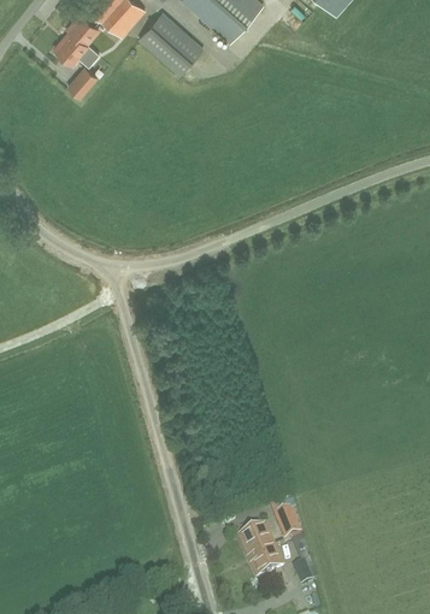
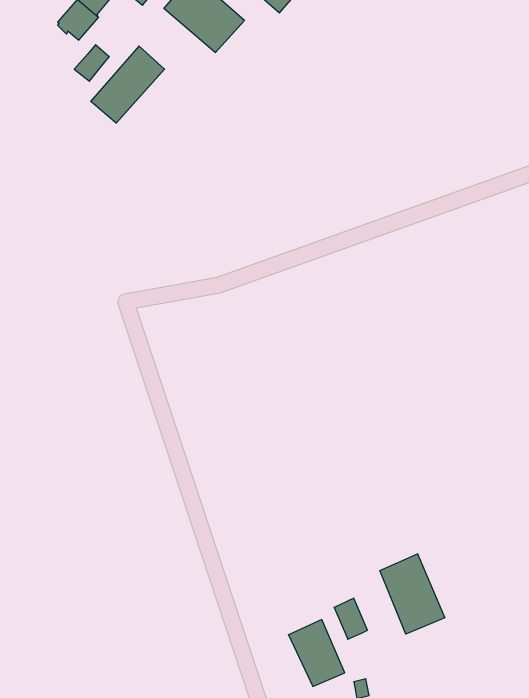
building: none -> [91,46,165,123]
building: none -> [380,554,445,634]

